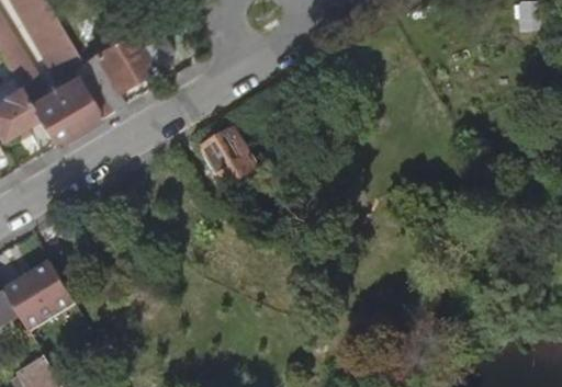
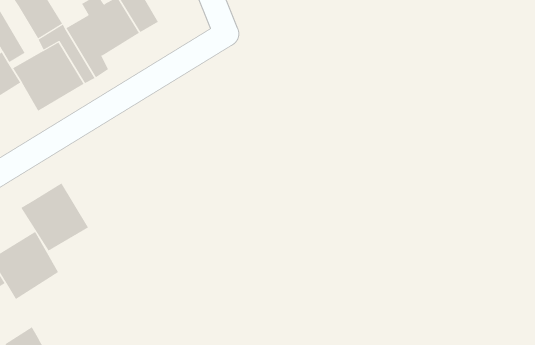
building: [203,127,257,182] -> none
building: none -> [21,182,89,252]

